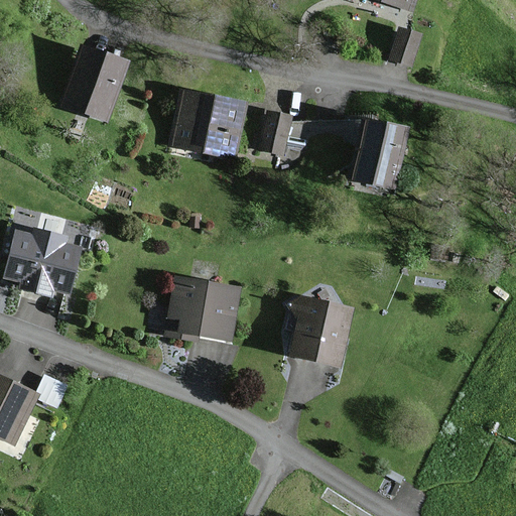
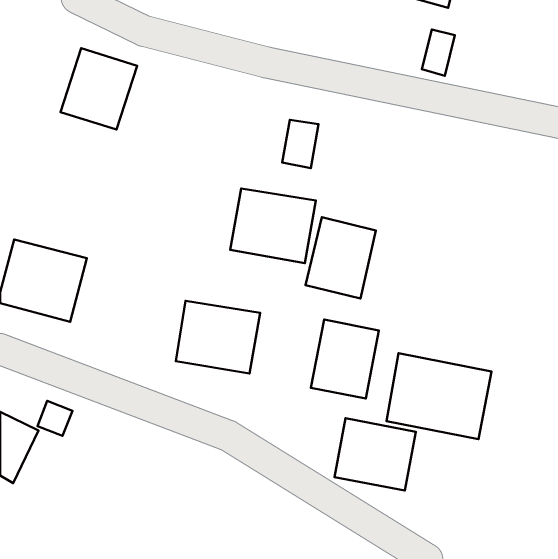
building: [168,90,247,158] -> [230,188,316,263]
building: [345,116,409,190] -> [305,217,376,299]
building: none -> [387,353,491,439]
building: none -> [335,418,416,491]

